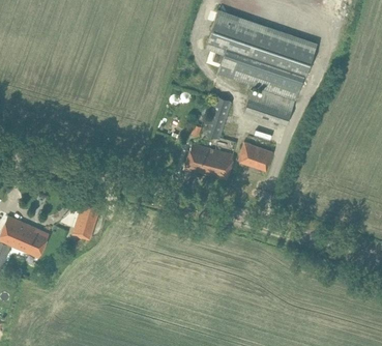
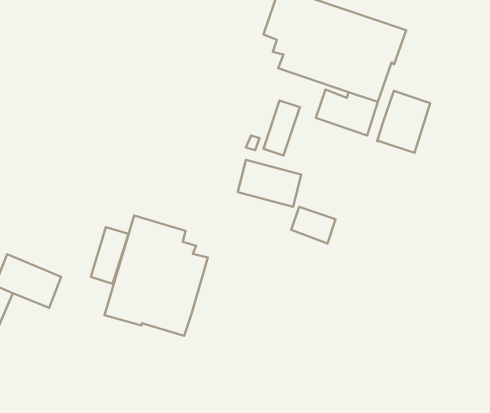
building: none -> [377,91,430,153]
building: [239,142,273,170] -> [291,207,336,243]
building: none -> [104,216,208,336]

